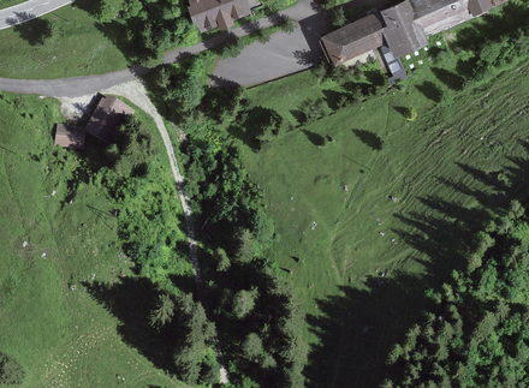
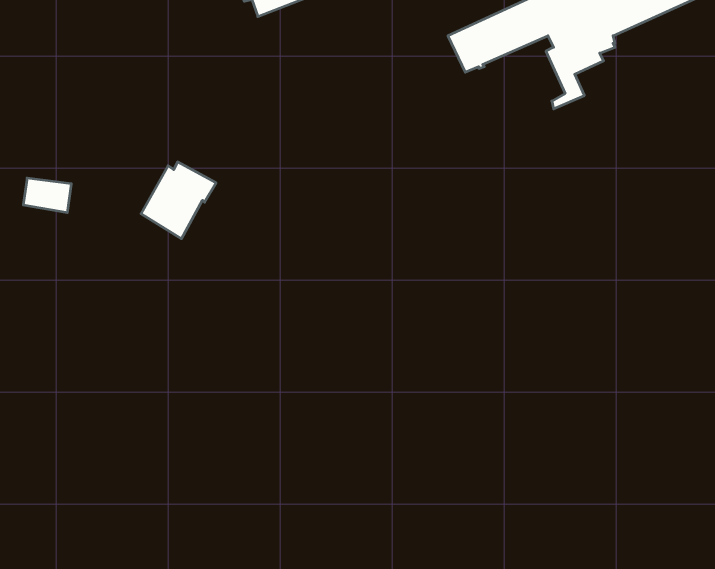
building: [85,97,132,145] -> [141,162,216,239]

